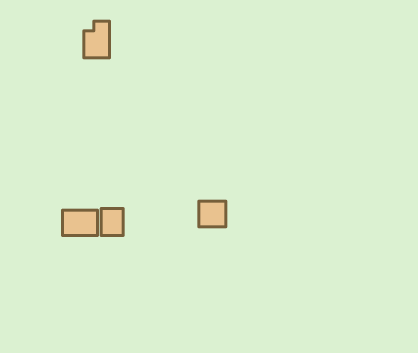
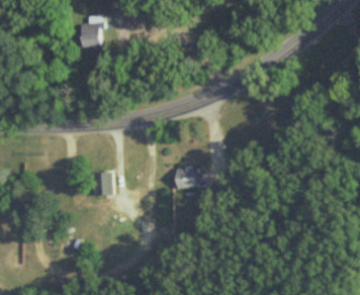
building: [62,210,97,235] -> none

